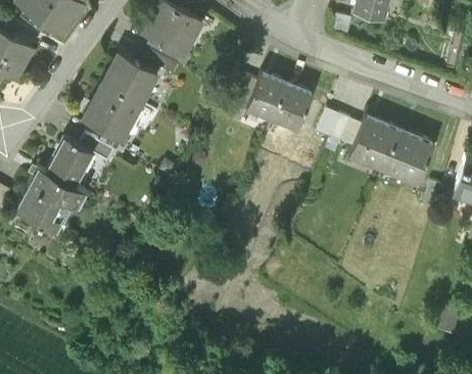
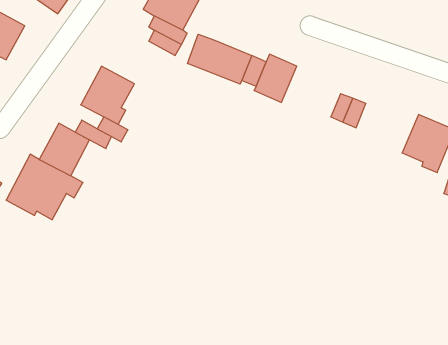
building: [104,54,155,104] -> none
building: none -> [188,34,252,84]
building: [272,86,312,130] -> none
building: [351,118,399,171] -> none

